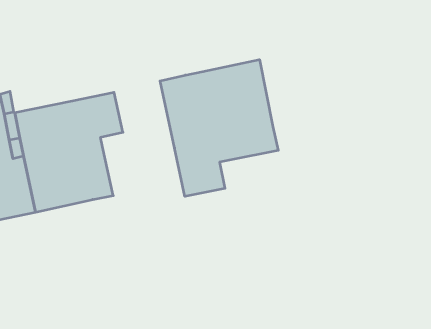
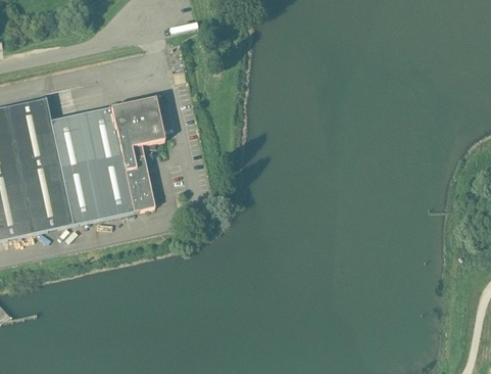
building: [160,60,278,196] -> none

